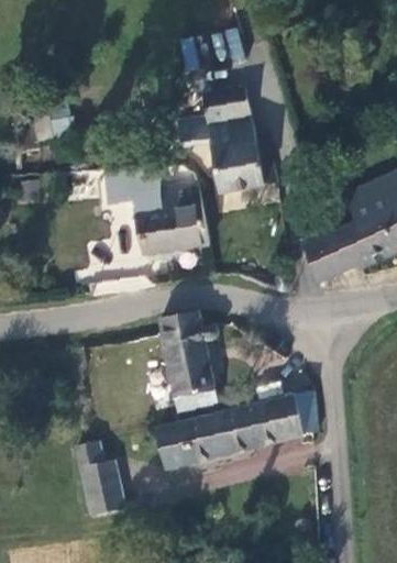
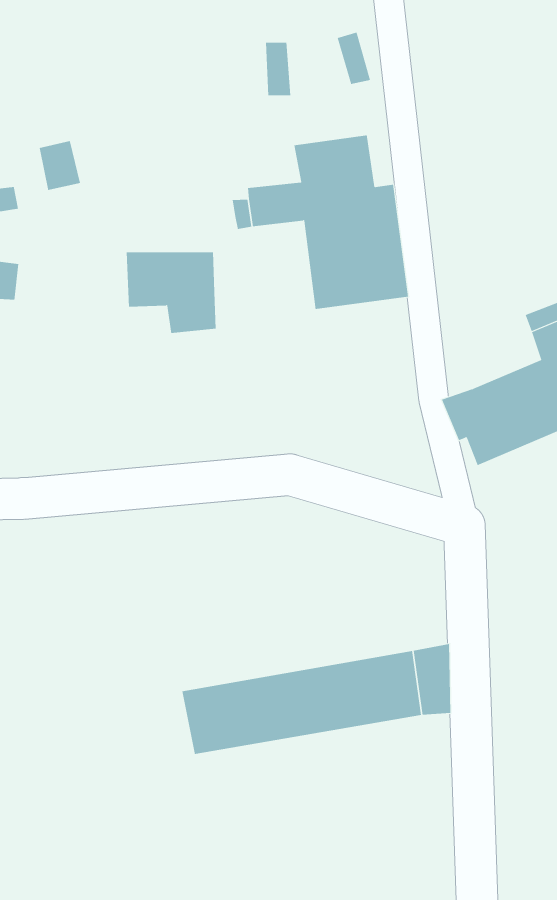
building: [135,183,208,255] -> none
building: [157,311,216,415] -> none
building: [76,442,120,515] -> none

